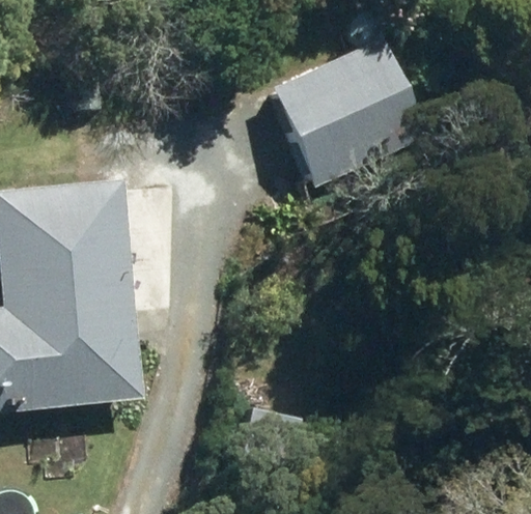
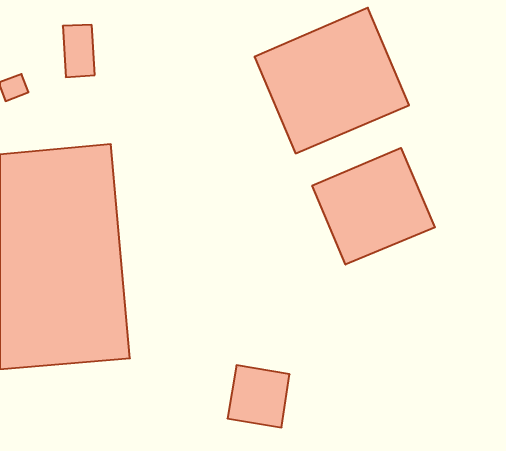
building: none -> [312,148,435,265]

